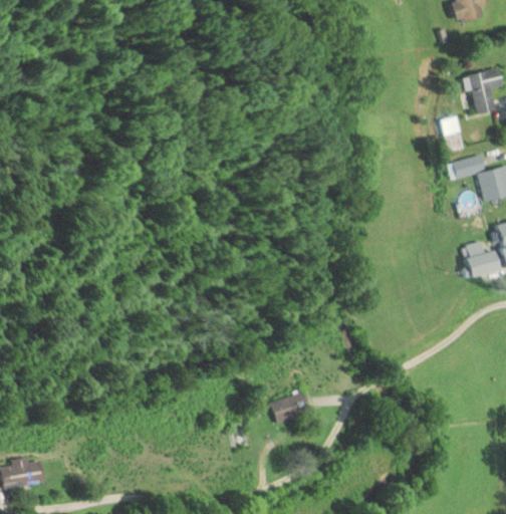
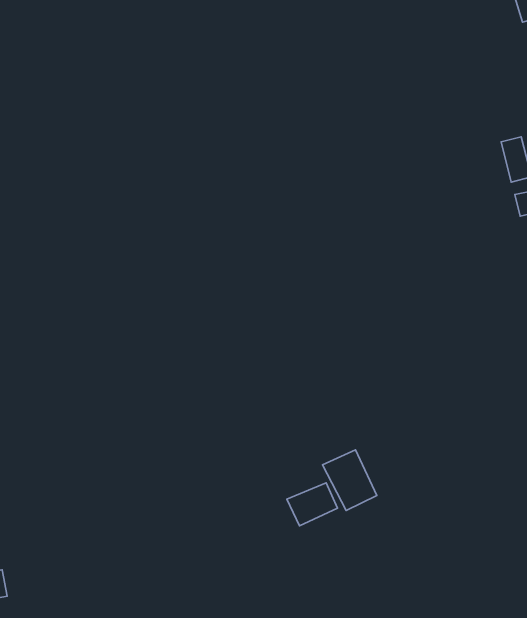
building: none -> [323,450,377,510]

